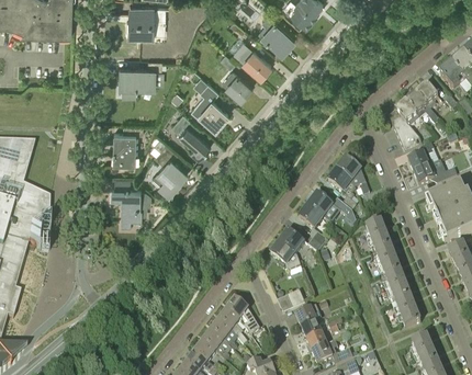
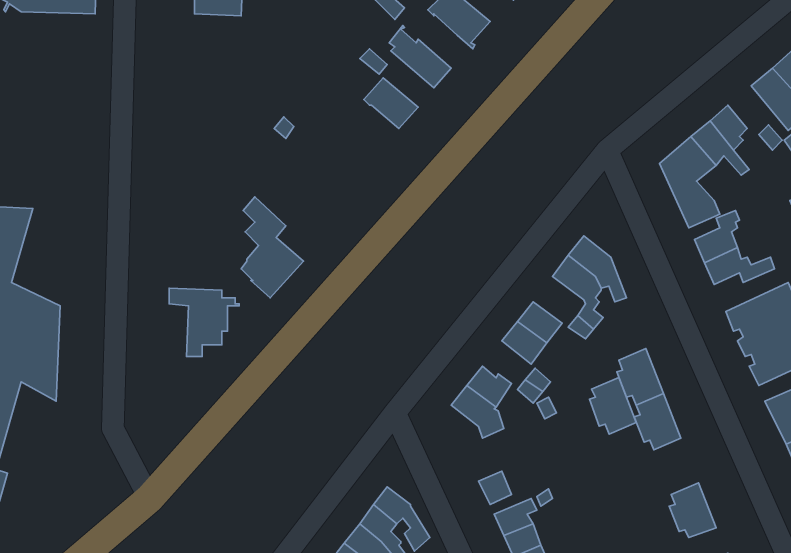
building: [119,61,161,98] -> none
building: [192,83,228,129] -> none
building: [179,122,211,160] -> none
building: [113,126,143,164] -> none
building: [384,274,411,306] -> [590,378,636,434]

